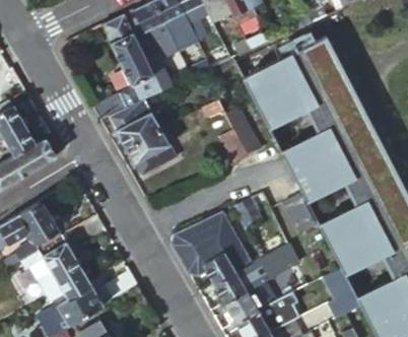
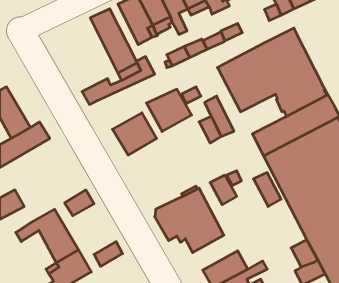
building: [109,100,158,147] -> [146,89,192,132]
building: [16,201,58,260] -> none
building: [214,244,296,302] -> none

